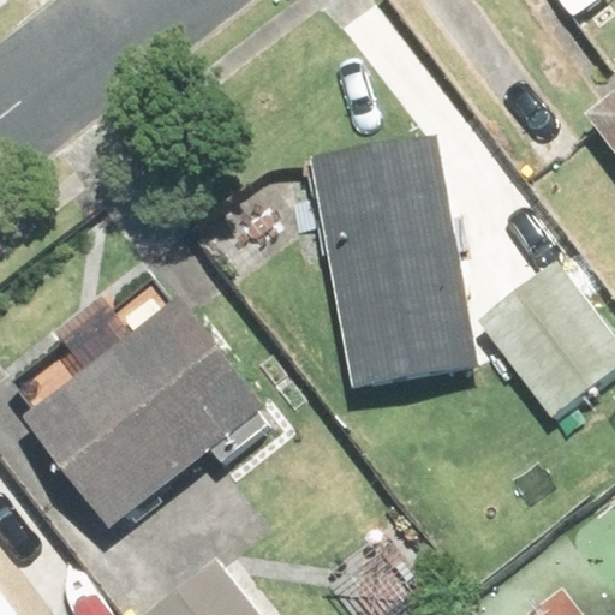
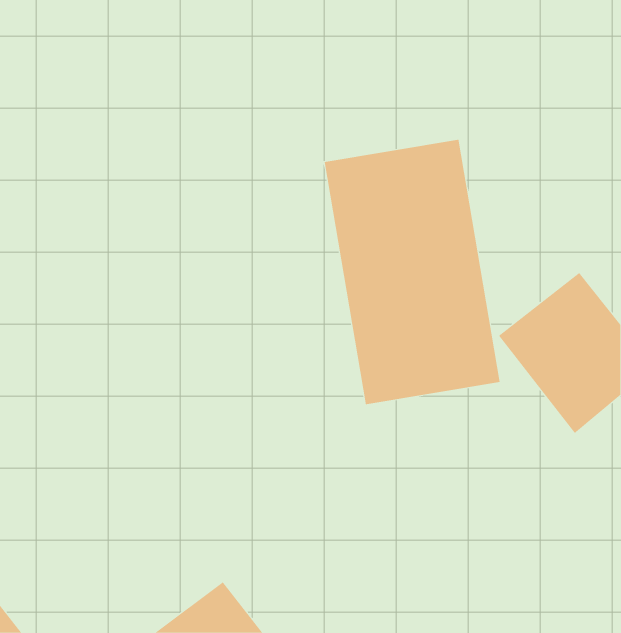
building: [24,295,265,525] -> none

